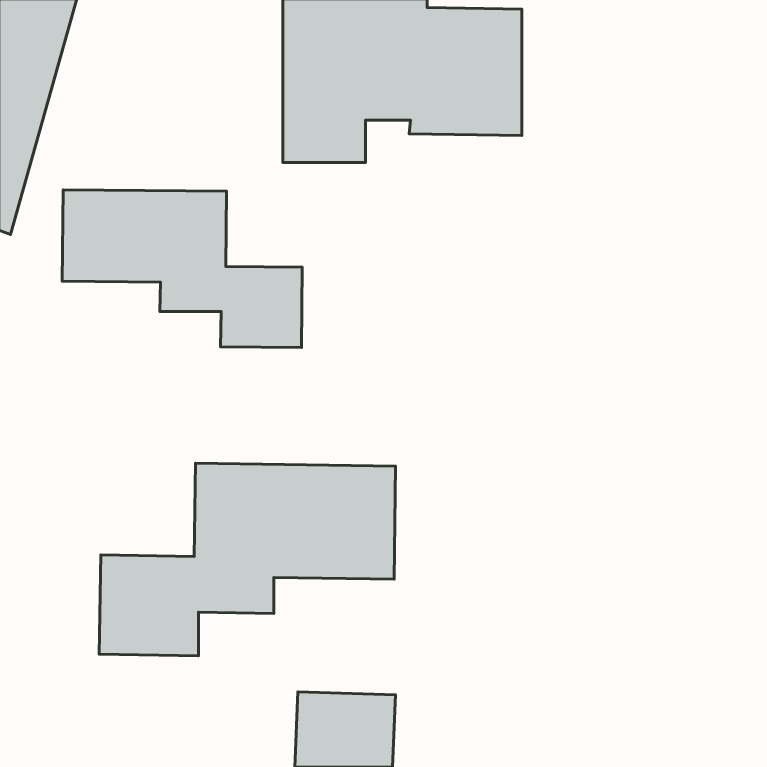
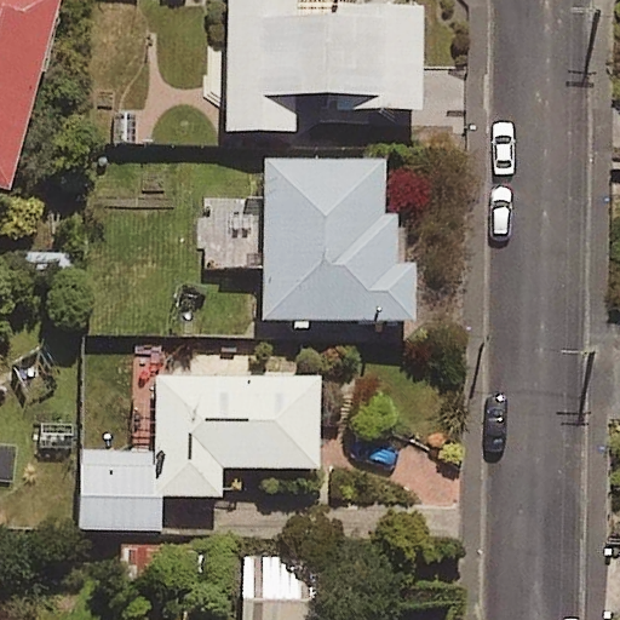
building: [62,190,302,348] -> none
building: none -> [264,157,412,321]

